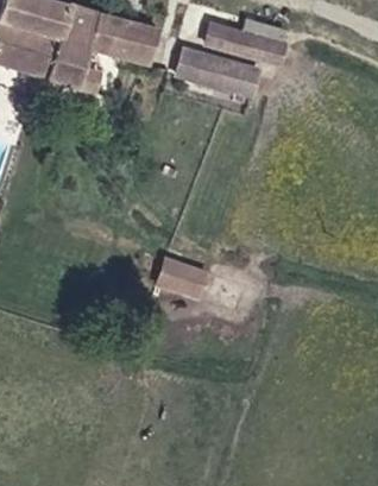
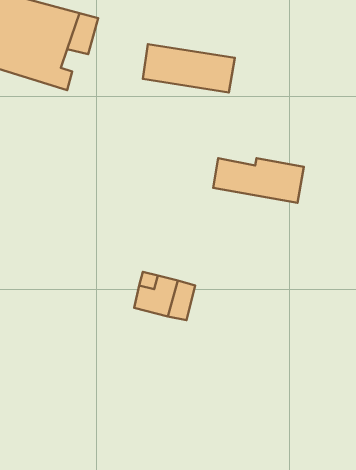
building: [196,18,283,61] -> [213,158,304,203]
building: [115,20,159,64] -> none

